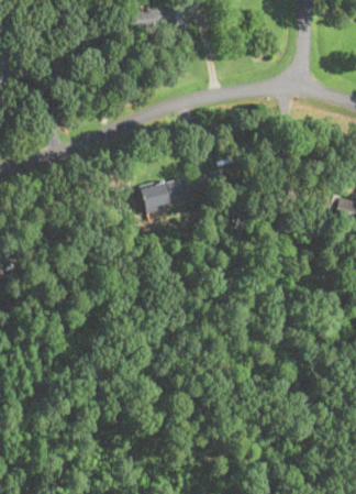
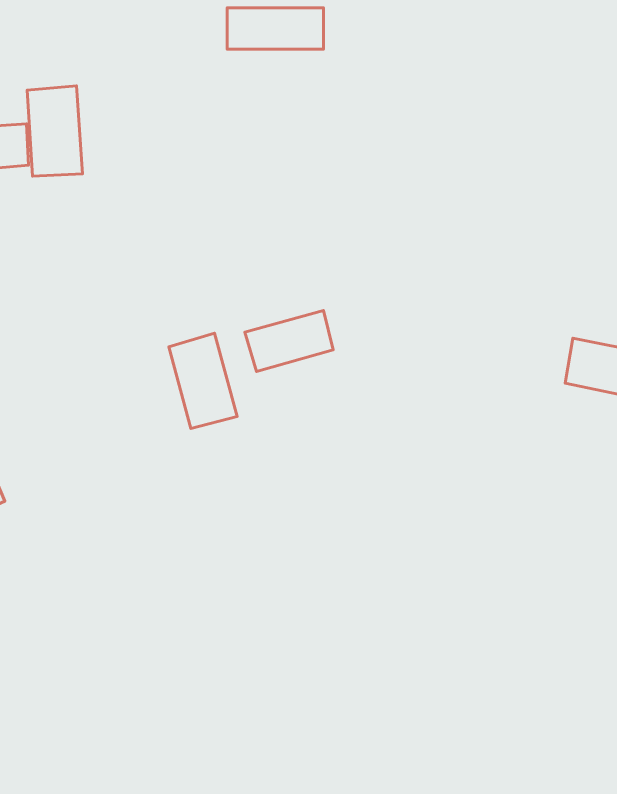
building: none -> [27,86,83,176]
building: none -> [169,333,237,428]

